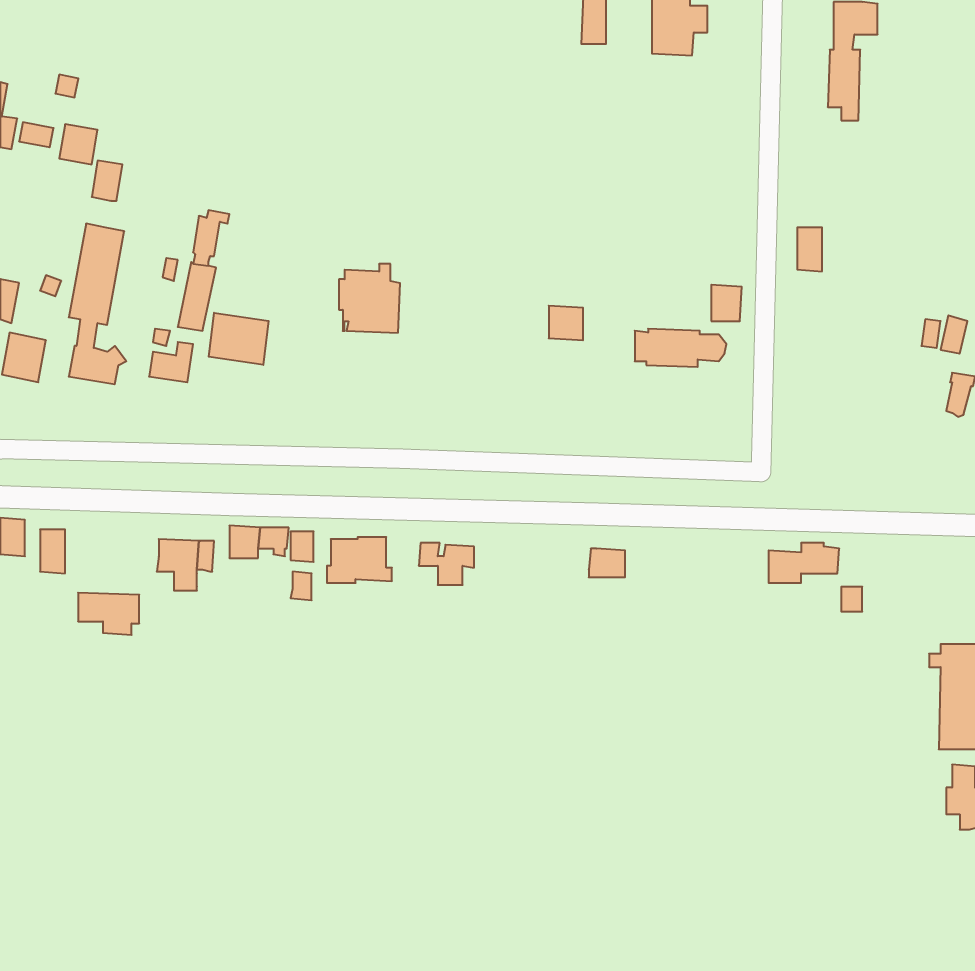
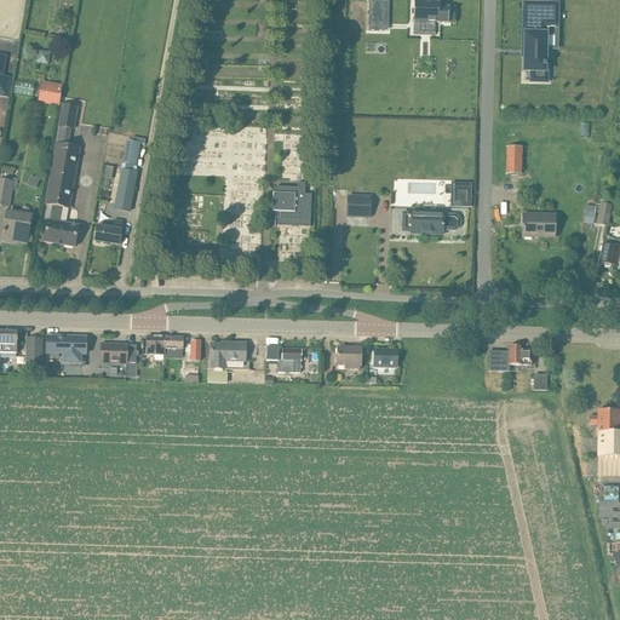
building: [339,264,400,333] -> [272,180,311,224]
building: [209,313,269,365] -> none
building: none -> [522,212,556,236]
building: none -> [337,344,362,368]
building: [78,593,139,635] -> [47,333,86,360]

